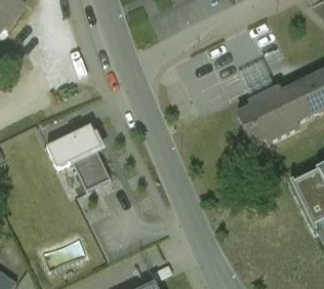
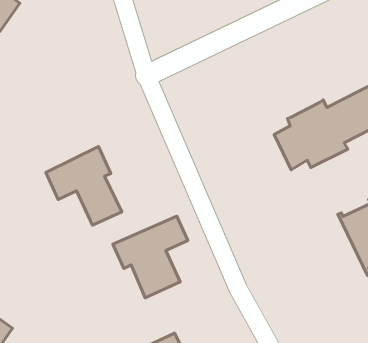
building: none -> [113,216,188,298]

